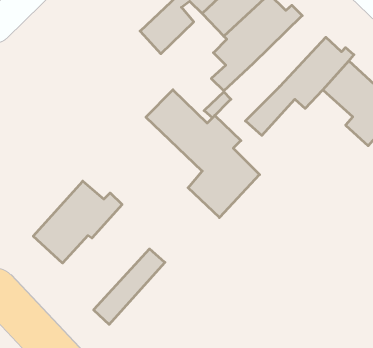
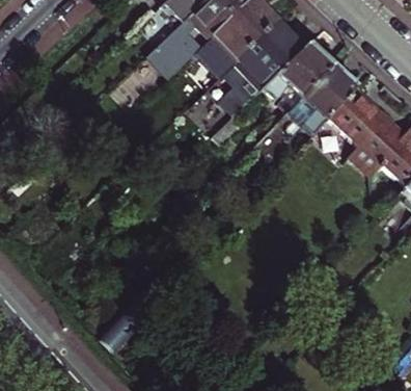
building: none -> [263,35,335,111]
building: [146,90,260,218] -> none
building: [33,181,122,263] -> none

